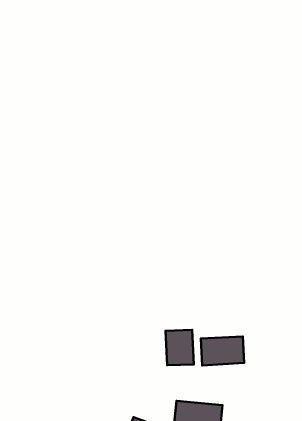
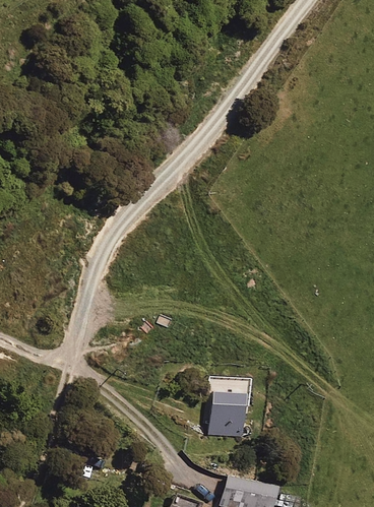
building: [201,337,244,366] -> none

